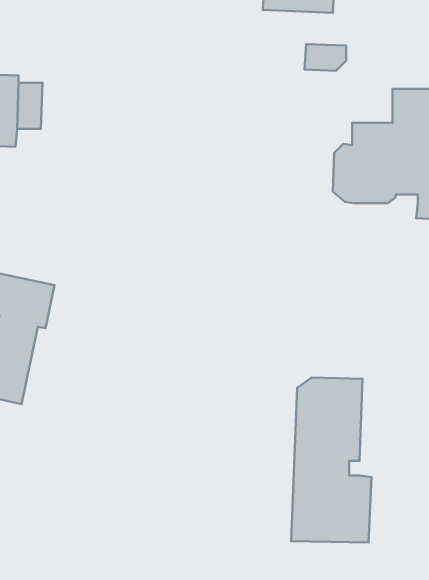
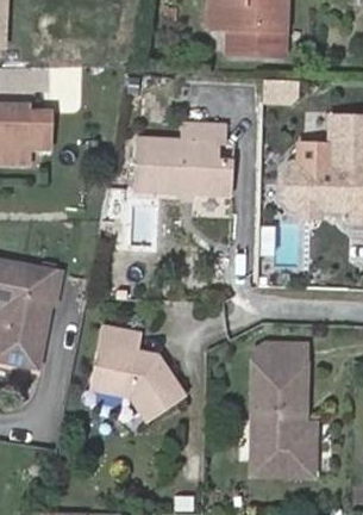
building: none -> [132,124,231,194]
building: none -> [88,329,184,424]

